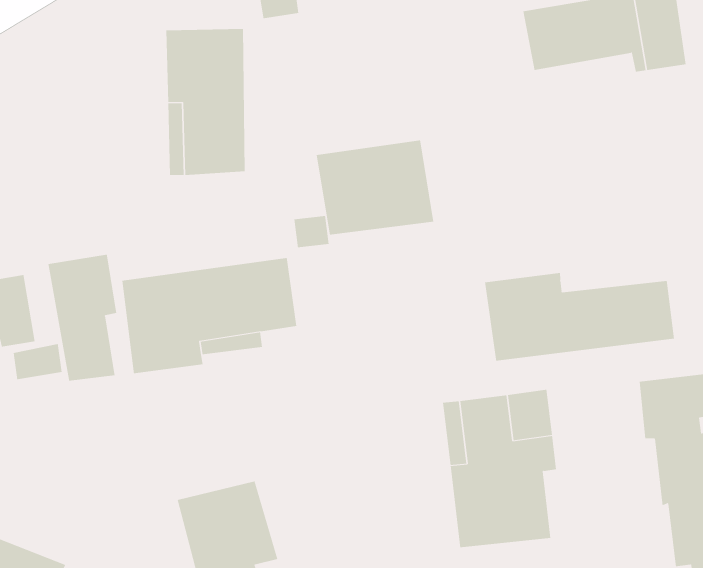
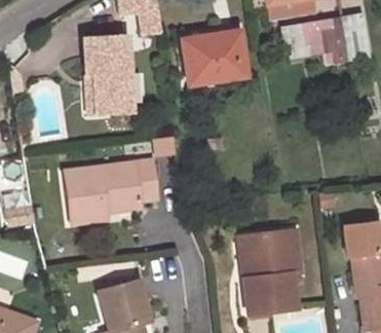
building: [316,140,434,235] -> [183,32,246,83]
building: [48,254,117,382] -> none
building: [484,272,675,361] -> none

